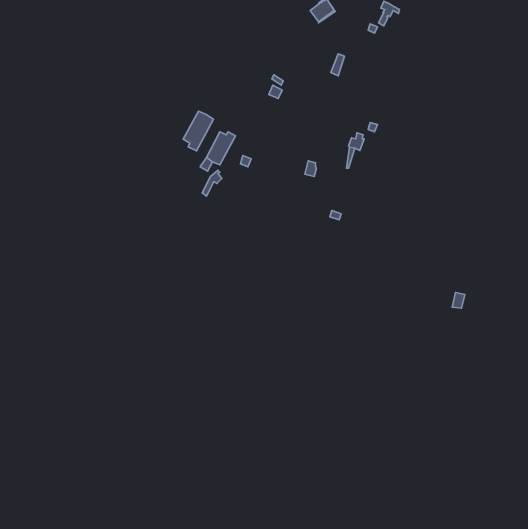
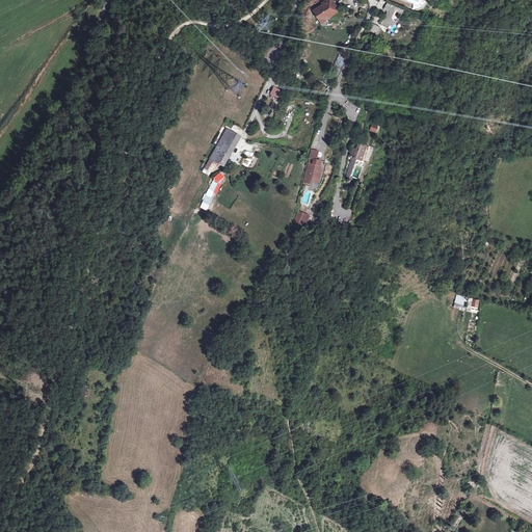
building: [183,111,213,151] -> none

